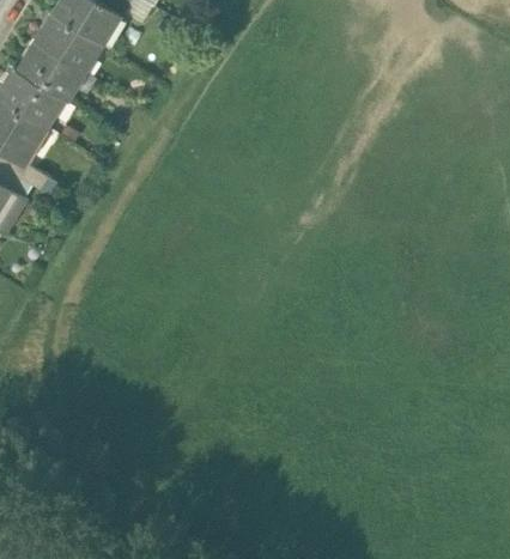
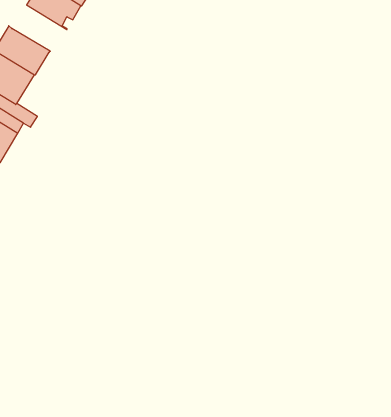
building: [18,41,85,99] -> none

